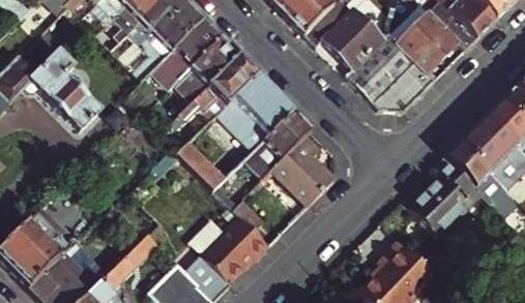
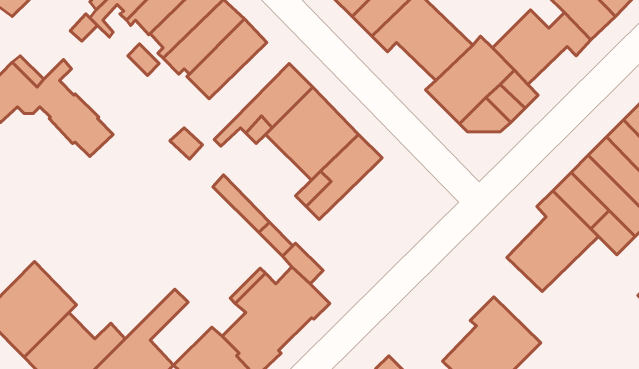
building: [176,37,239,99] -> none
building: [273,132,337,203] -> none

